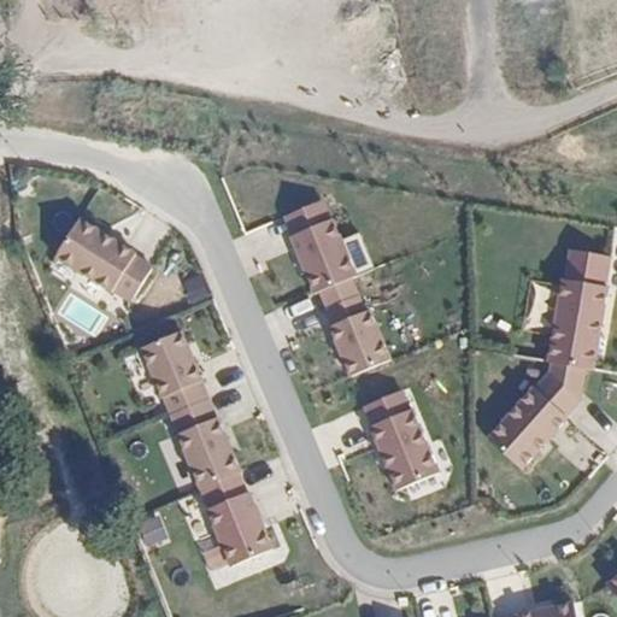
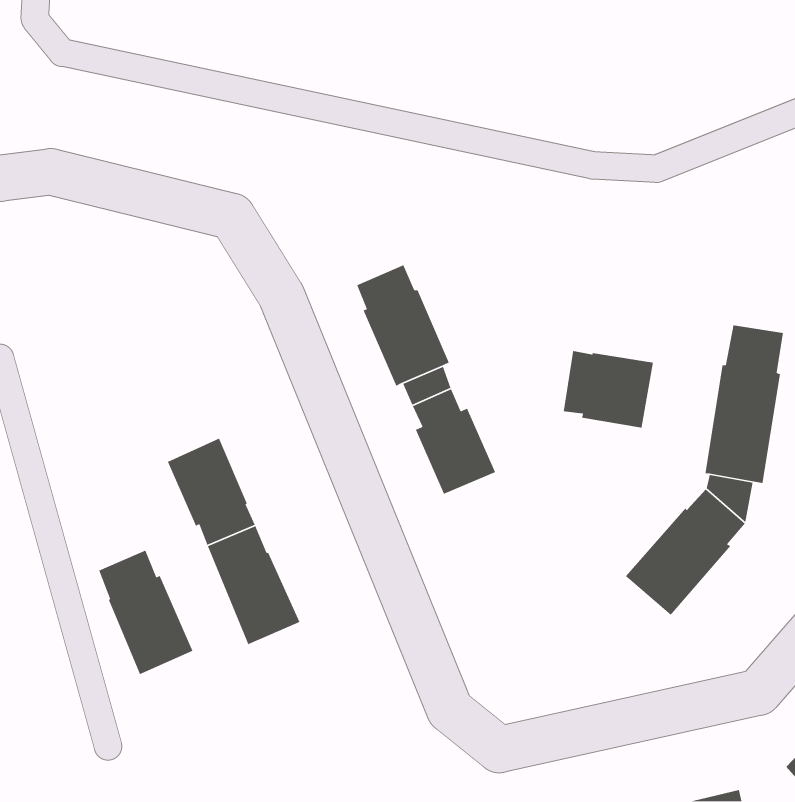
building: [54,218,151,301] -> none
building: none -> [563,350,654,429]
building: [364,389,439,488] -> none
building: [202,472,275,568] -> [98,549,193,675]

